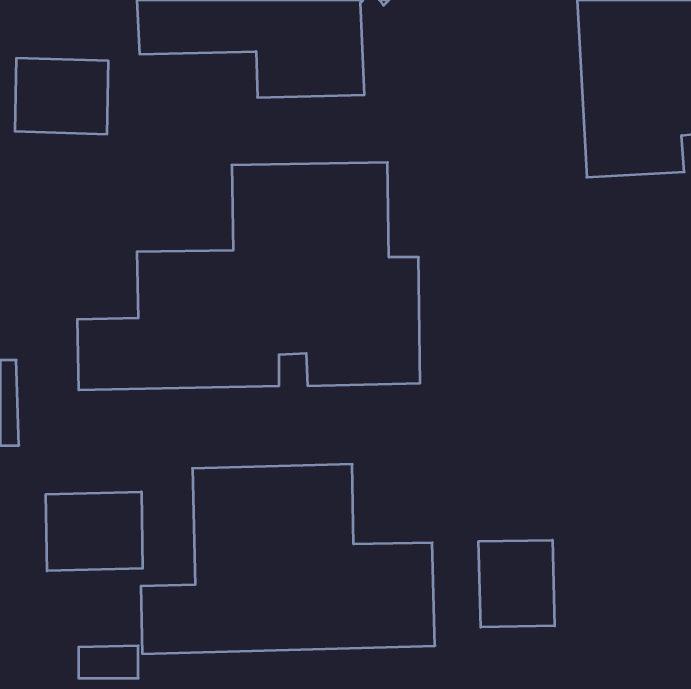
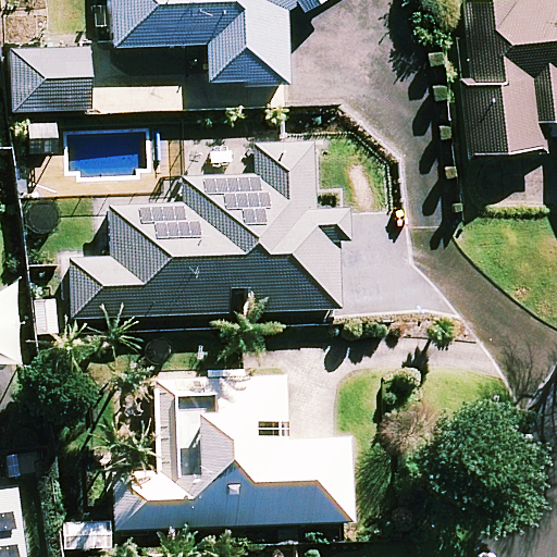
building: [46,492,143,571] -> none
building: [479,540,555,627] -> none

